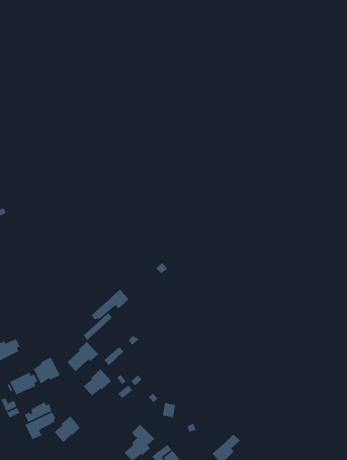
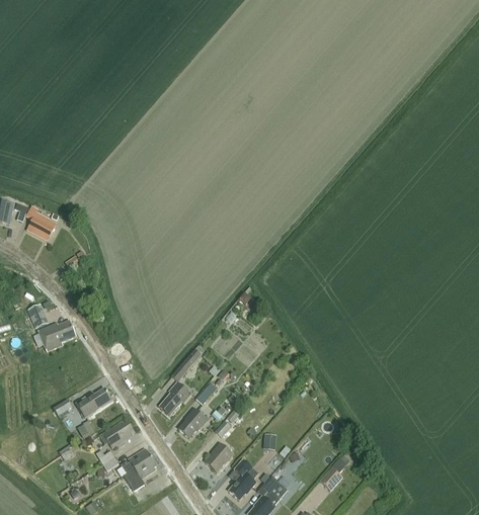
building: [91,288,129,321] -> none
building: [33,356,61,385] -> none
building: [54,415,81,443] -> [206,442,233,471]

